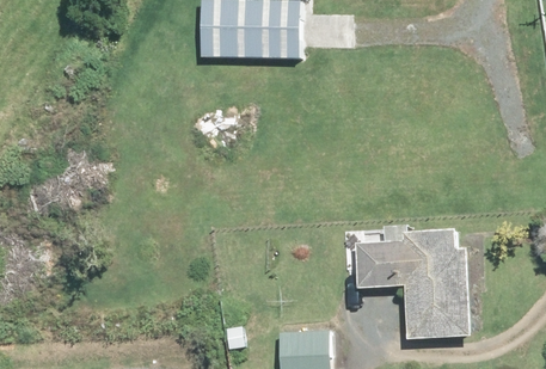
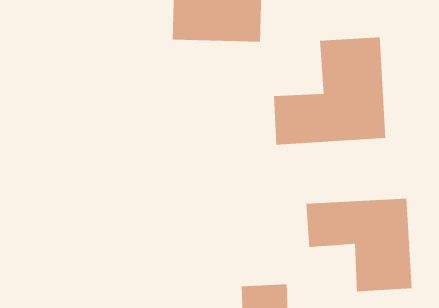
building: none -> [273,37,386,145]

